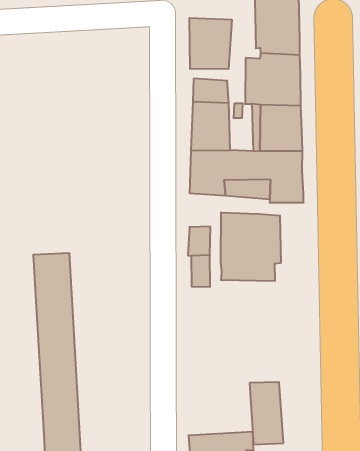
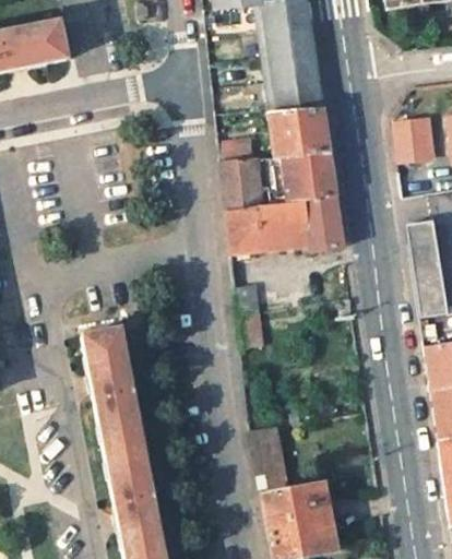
building: [189,18,232,69] -> none
building: [221,212,281,281] -> none
building: [250,382,283,445] -> [249,421,290,487]

